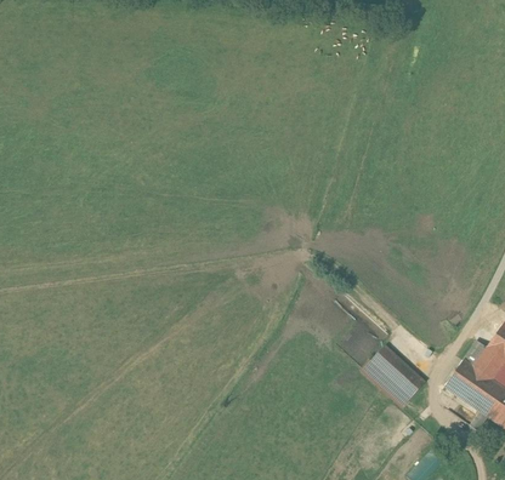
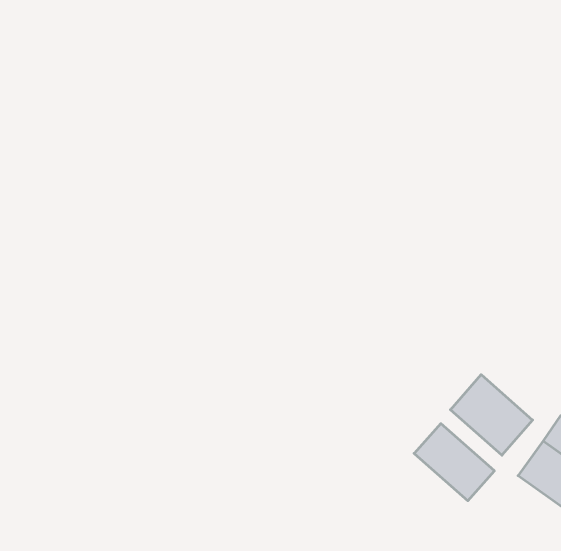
building: none -> [450,375,533,455]

